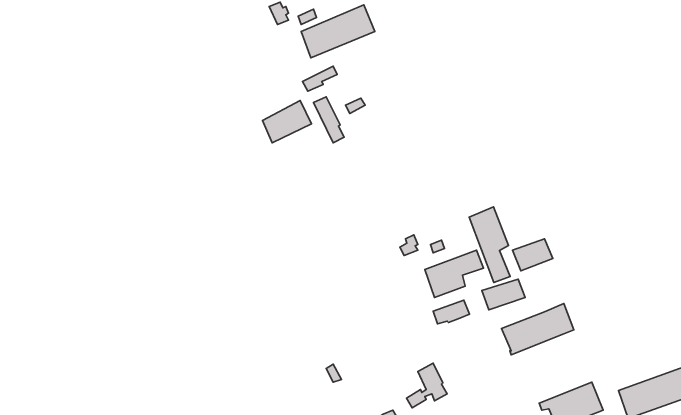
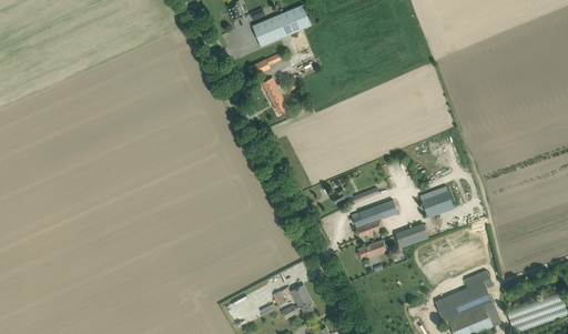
building: [262,100,311,143] -> none
building: [469,207,510,283] -> none
building: [501,303,574,355] -> [435,281,493,322]
building: [407,363,447,408] -> [282,284,314,320]

